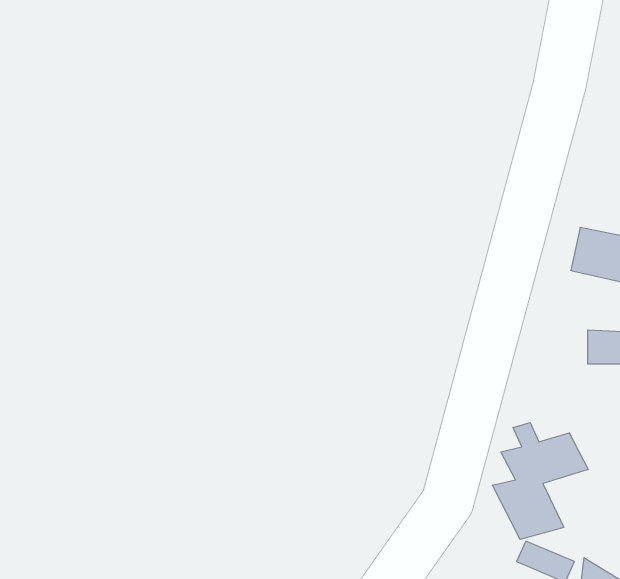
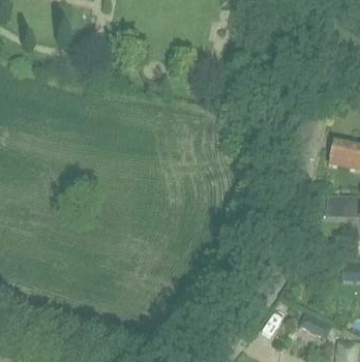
building: [493,423,588,539] -> none

